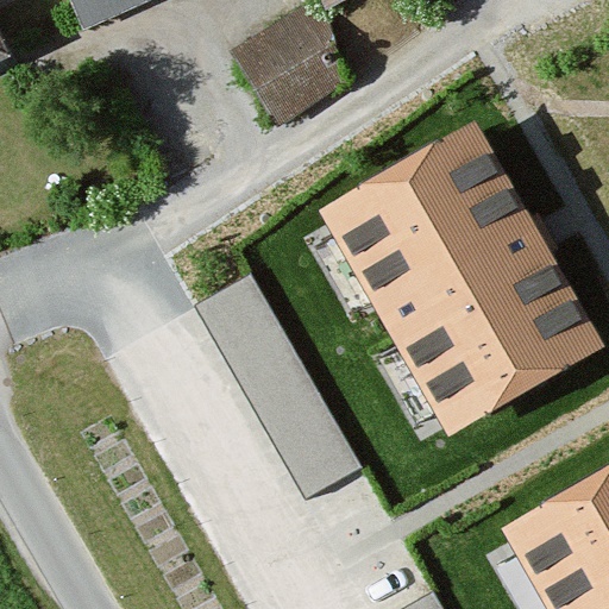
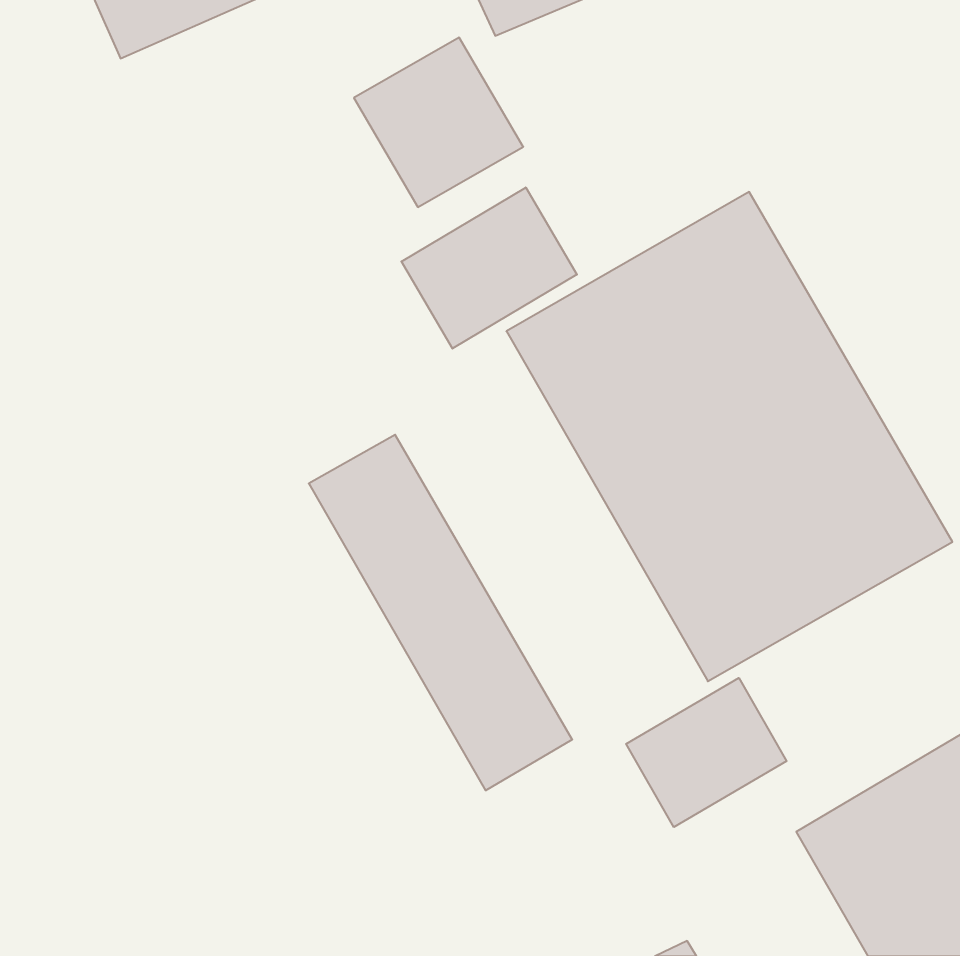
building: none -> [401,187,577,349]
building: none -> [626,678,787,827]

